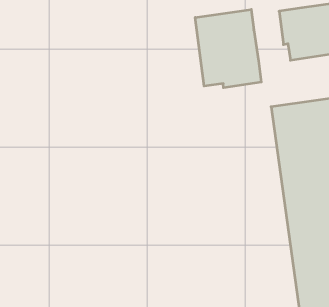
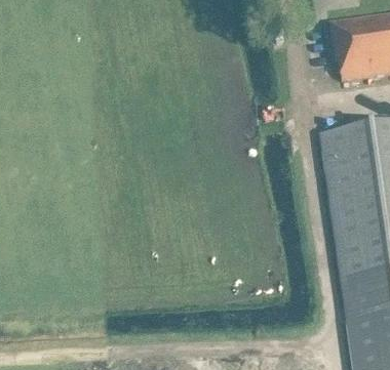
building: [195,9,261,88] -> none

